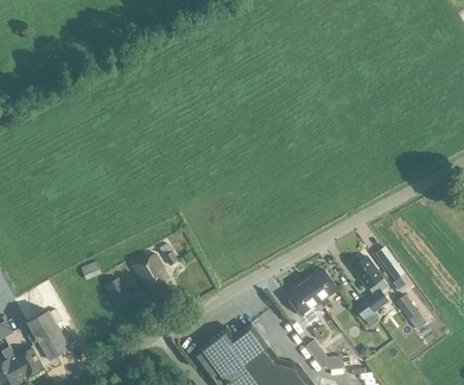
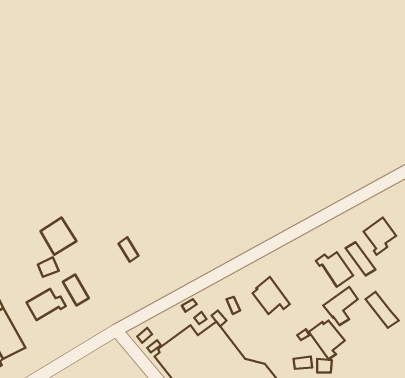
building: none -> [363,217,396,255]
building: [134,255,169,291] -> [40,217,76,255]
building: [303,270,337,307] -> [309,321,345,359]
building: none -> [27,289,66,320]

